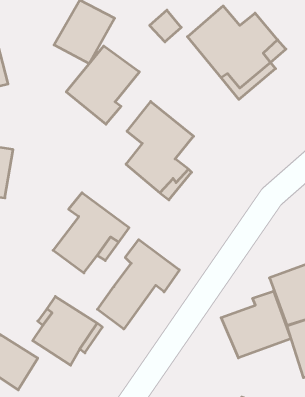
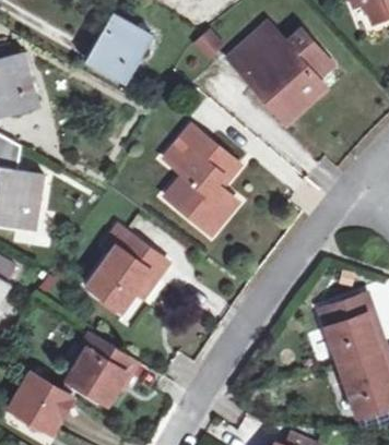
building: [66,46,139,124] -> none
building: [97,240,179,329] -> none
building: [221,291,291,358] -> none

